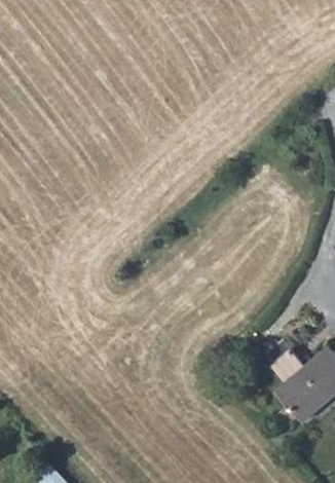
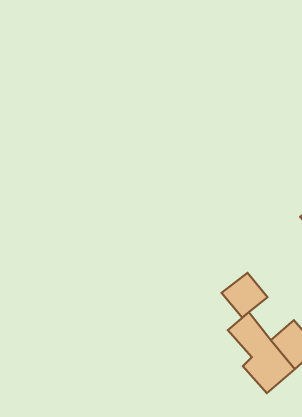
building: none -> [222,273,267,317]

